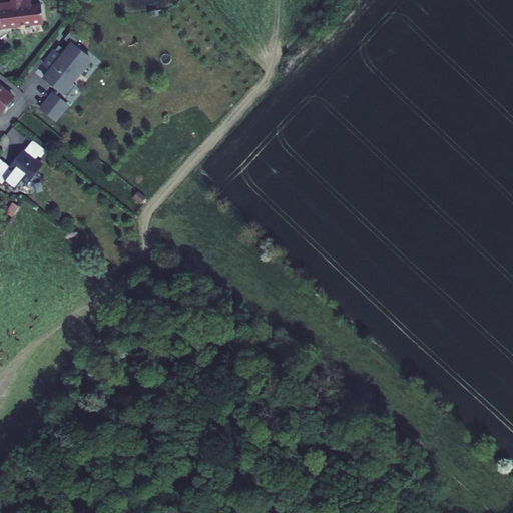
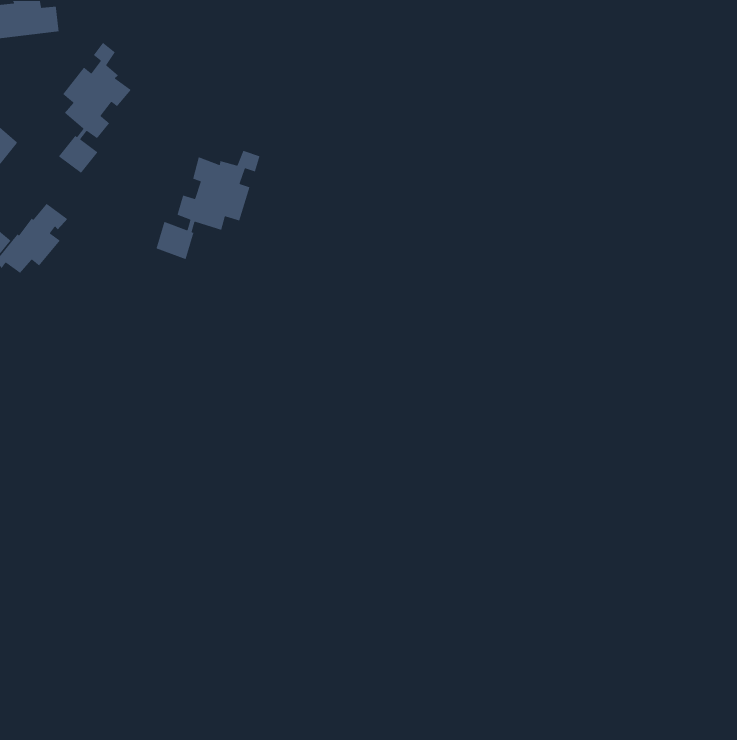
building: none -> [155,150,261,260]

